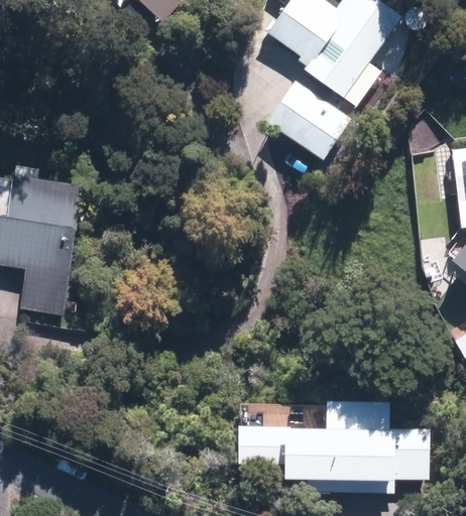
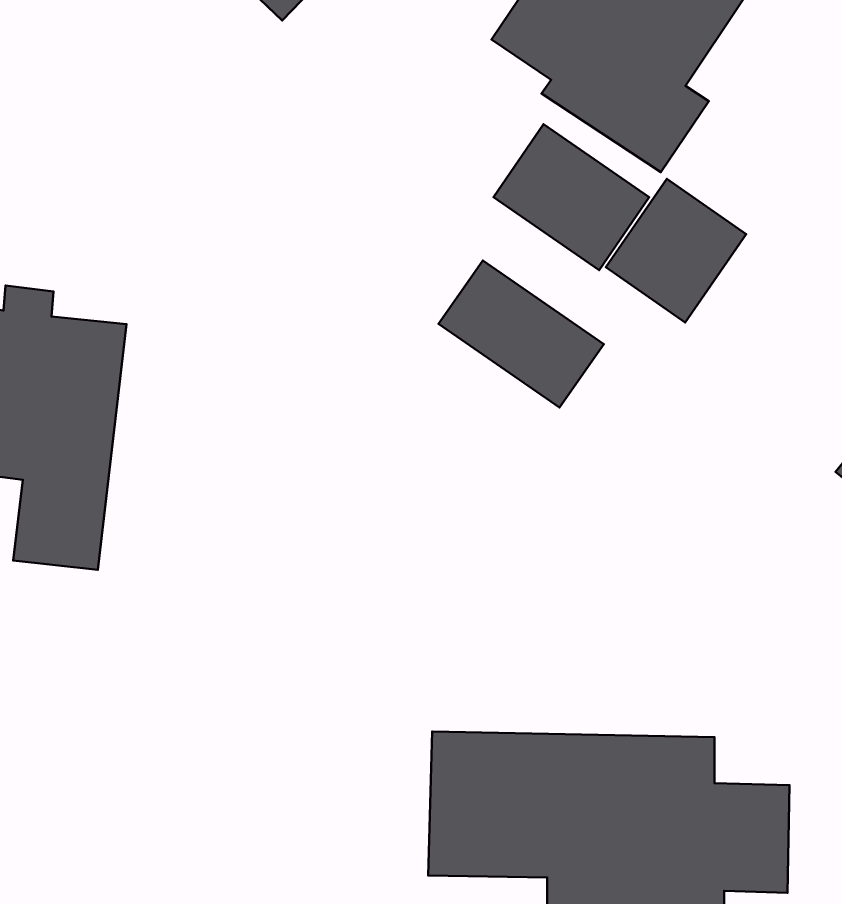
building: none -> [606,179,746,322]
building: none -> [438,260,604,408]

